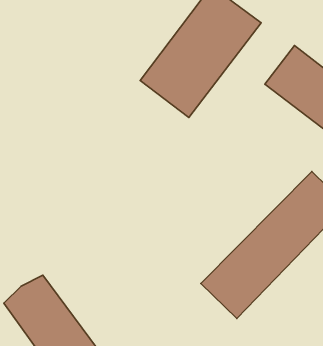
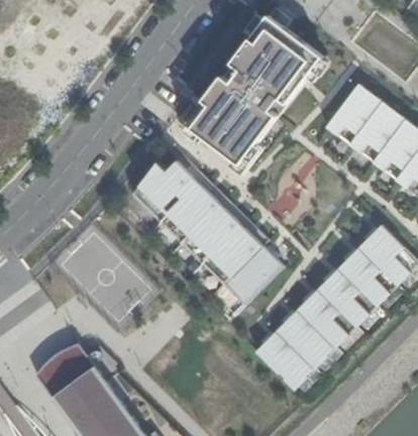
building: none -> [133,160,286,305]

